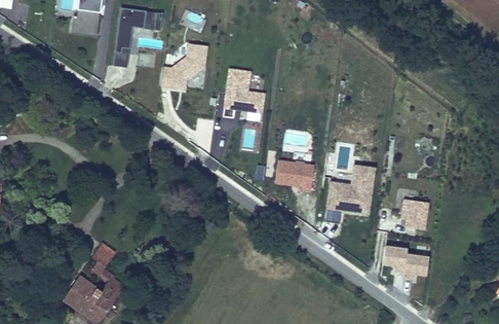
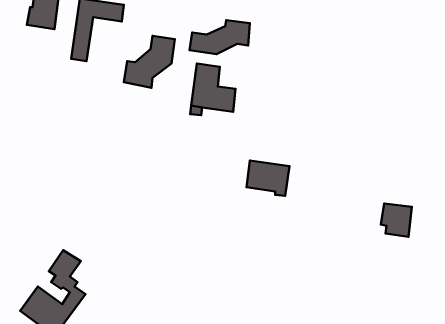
building: none -> [190,20,250,54]
building: [325,166,374,222] -> none
building: [382,244,428,274] -> none

